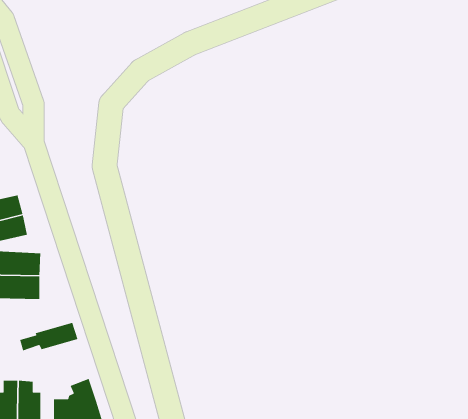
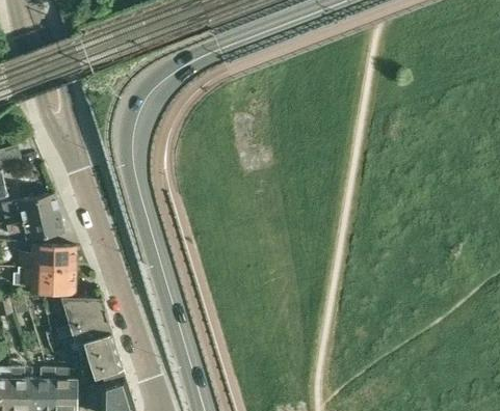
building: none -> [44,296,106,323]
building: none -> [76,329,122,379]

